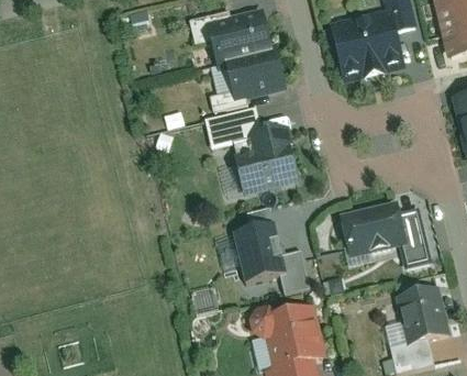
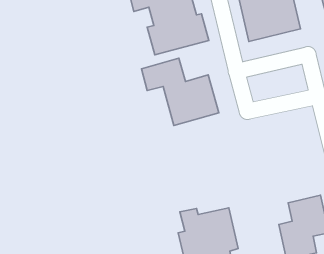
building: [338,197,431,265] -> none
building: [232,208,307,292] -> none

